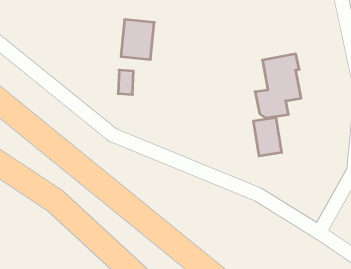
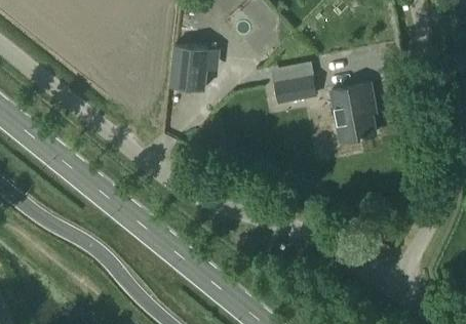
building: none -> [276,72,315,96]
building: [253,118,282,156] -> none

